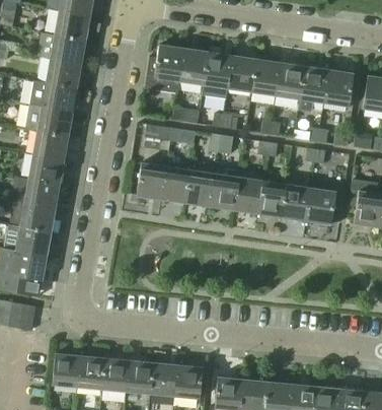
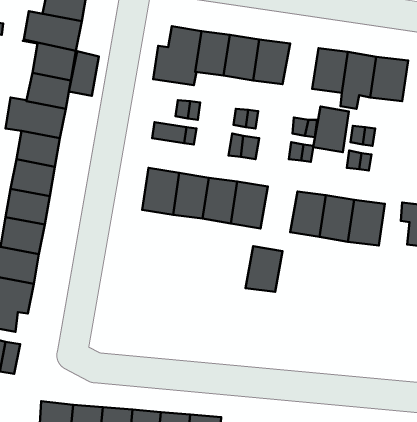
building: [251,59,281,96] -> [313,107,349,152]
building: none -> [69,51,99,96]
building: [233,177,263,214] -> [246,246,283,292]

